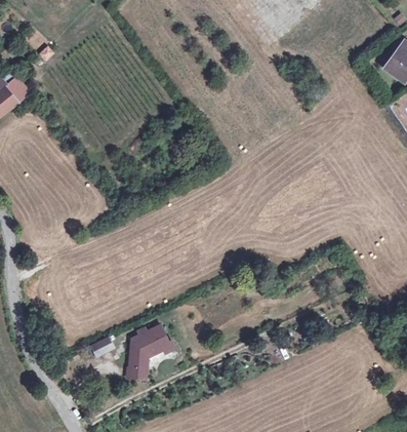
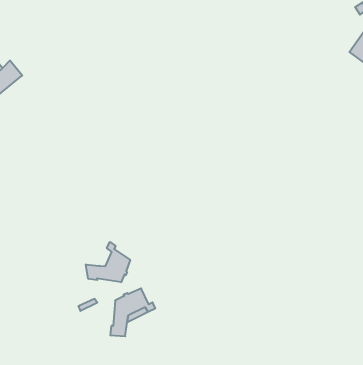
building: none -> [86,242,130,282]

